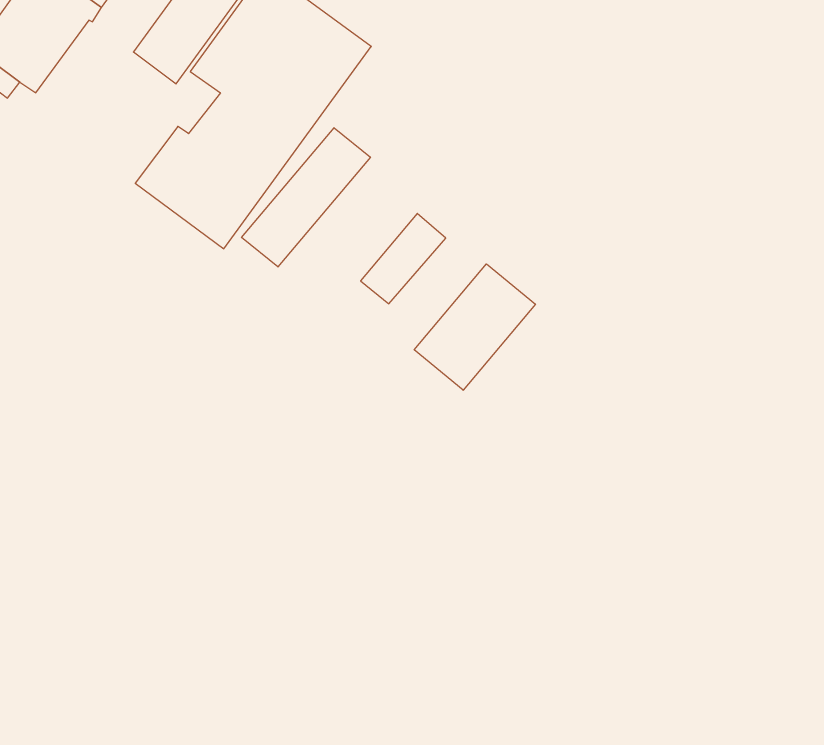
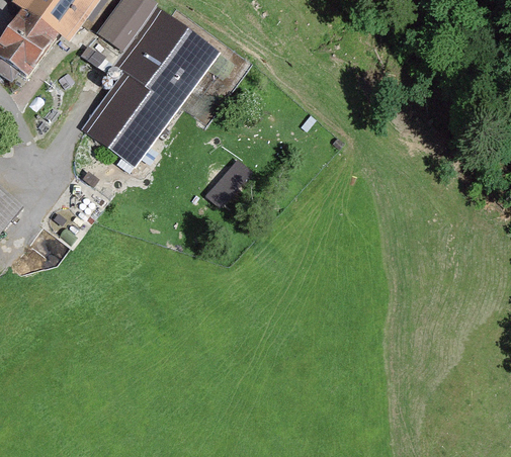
building: [242,128,370,267] -> none
building: [414,264,535,390] -> none

